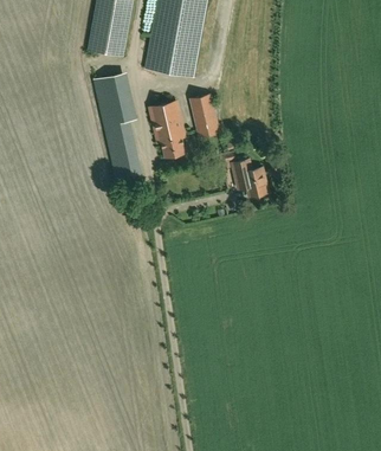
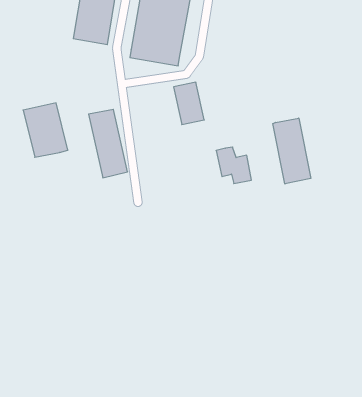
building: [92,72,137,127] -> [23,103,68,157]
building: [150,102,186,159] -> none
building: none -> [273,118,311,184]

